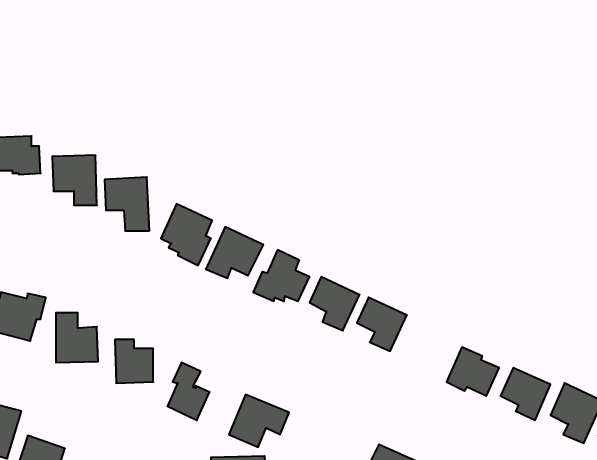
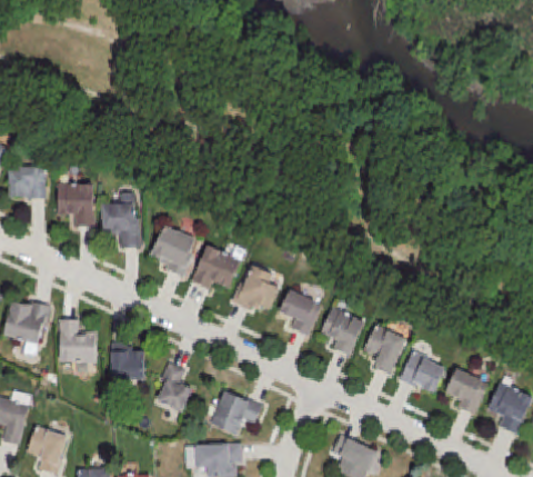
building: none -> [364,322,408,374]

